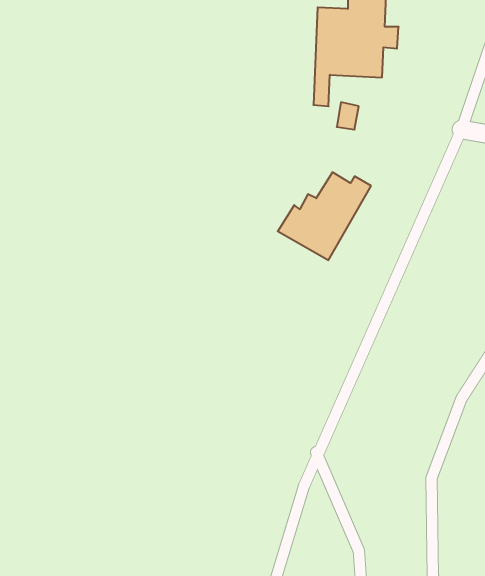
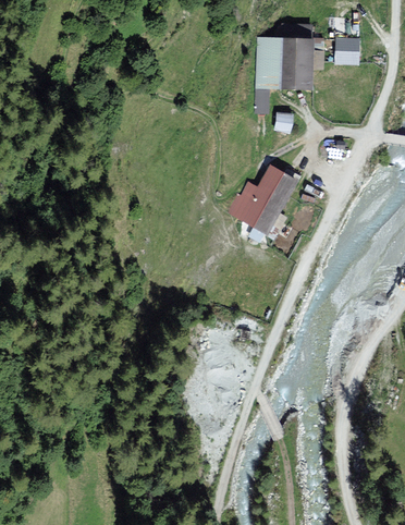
building: none -> [336,35,363,63]

